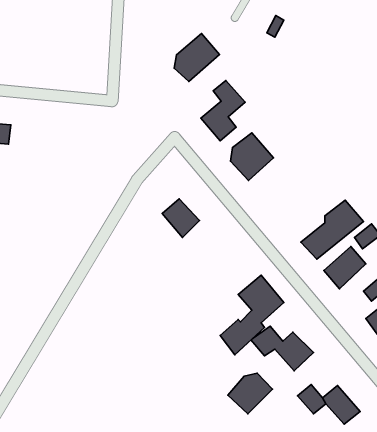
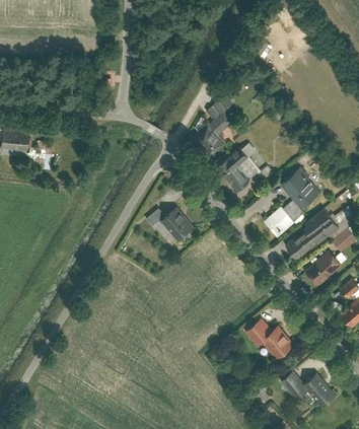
building: [174,34,220,82] -> none
building: [220,275,284,355] -> [264,167,320,238]
building: [228,373,272,414] -> none

